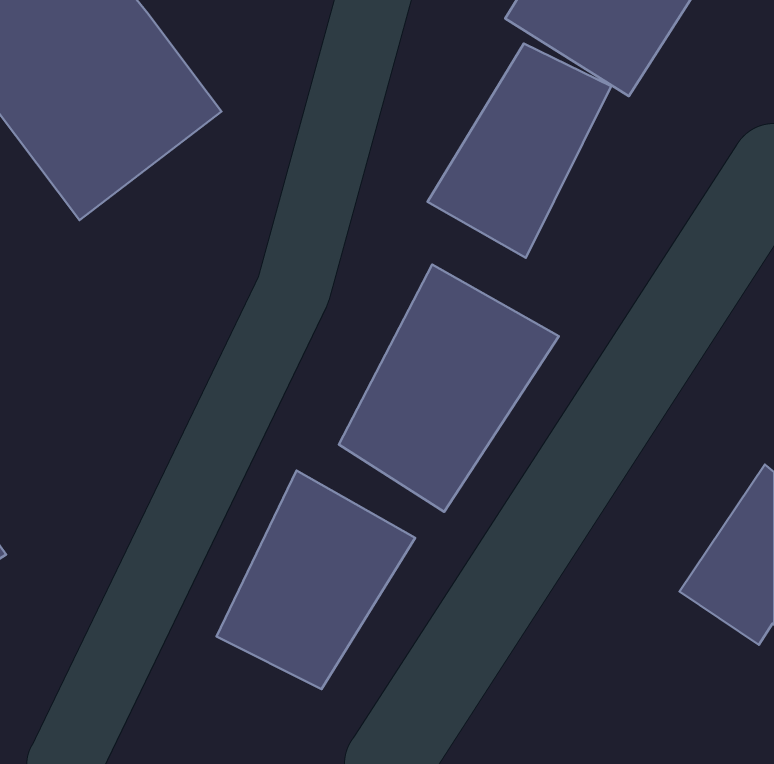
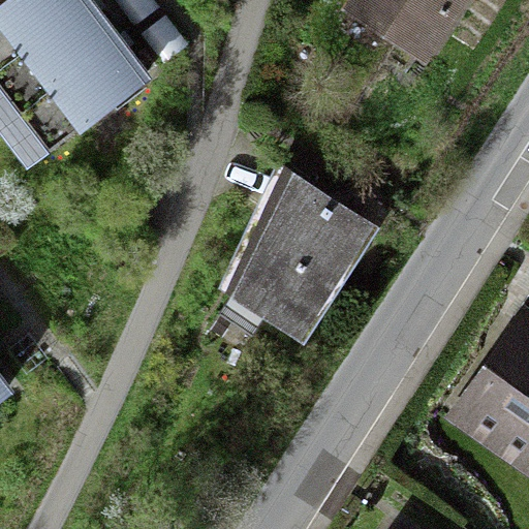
building: [427,43,611,258] -> none
building: [217,471,415,689] -> none

